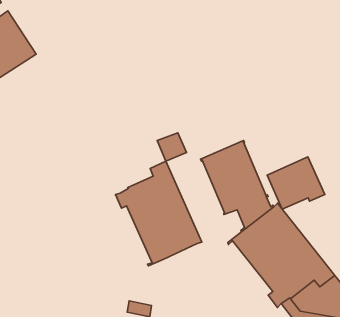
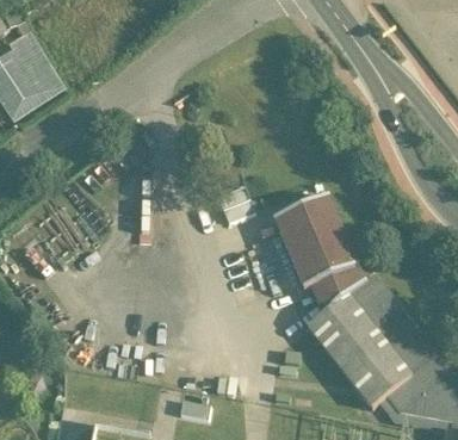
building: [267,157,325,209] -> none
building: [115,161,202,266] -> none

